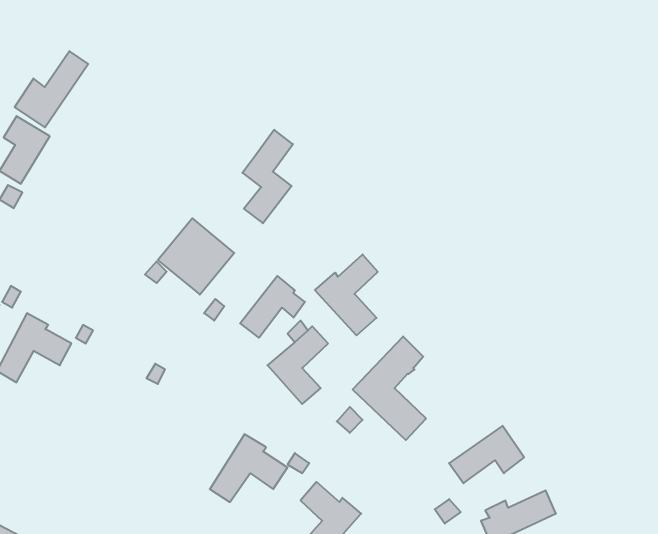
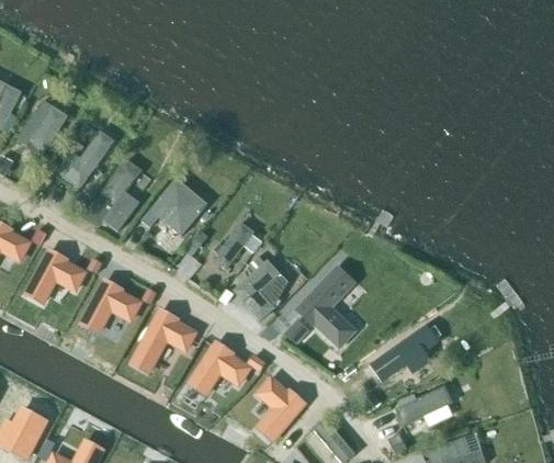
building: [15,51,88,127] -> [58,131,114,189]
building: [242,130,293,223] -> [102,159,140,230]
building: [315,254,378,335] -> none
building: none -> [82,280,139,332]
building: none -> [132,309,195,372]

